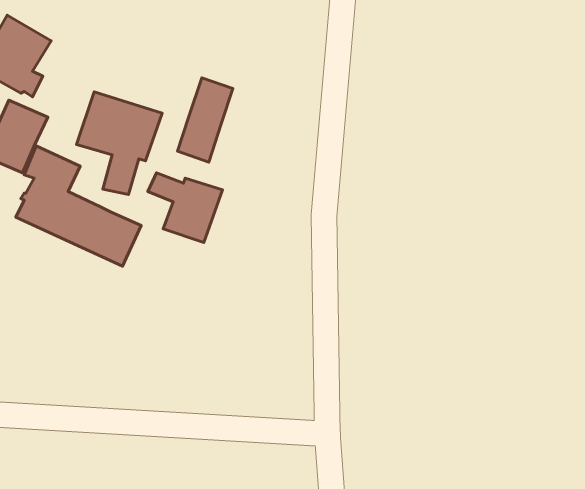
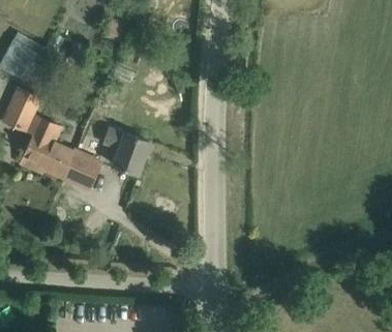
building: [178,78,233,162] -> none
building: [76,92,162,195] -> none

